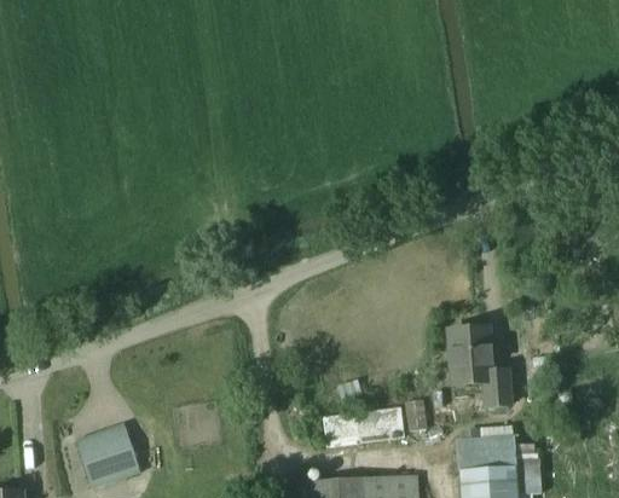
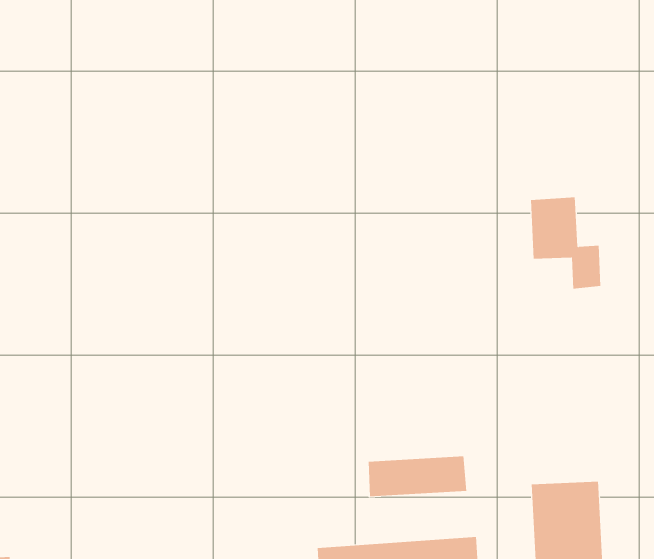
building: [447,330,508,409] -> [530,197,601,289]
building: [75,425,139,490] -> none

